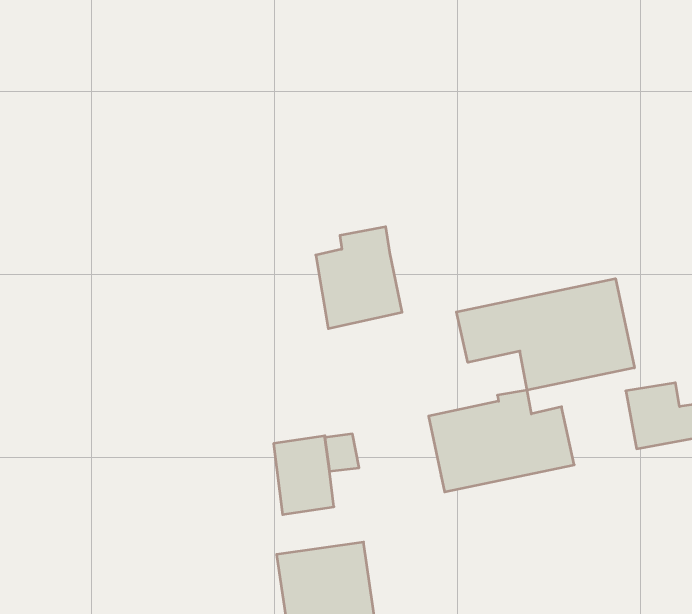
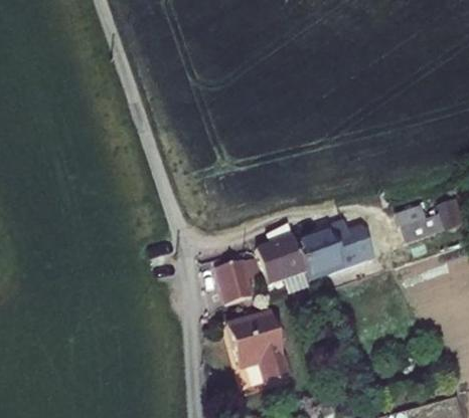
building: [316,227,402,329] -> [257,227,306,284]
building: [456,279,634,390] -> none

